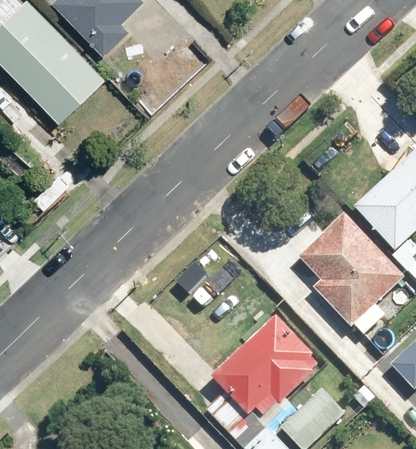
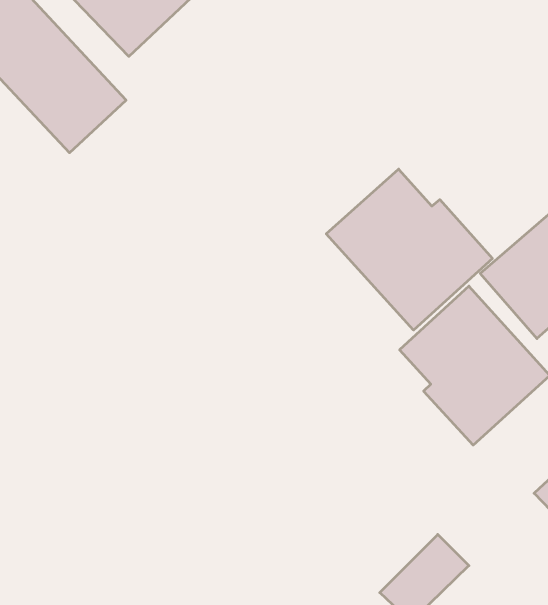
building: none -> [326,169,492,330]
building: [211,318,320,419] -> none

